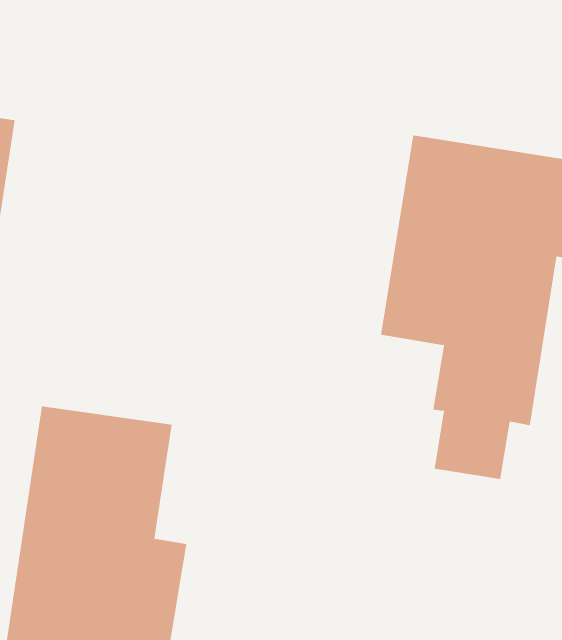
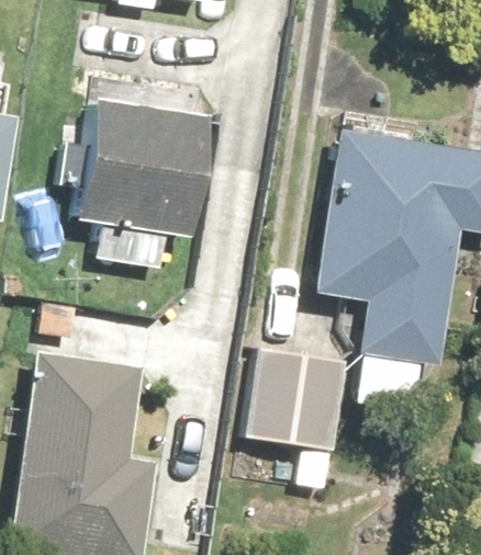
building: none -> [78,75,214,268]
building: none -> [246,348,348,452]

